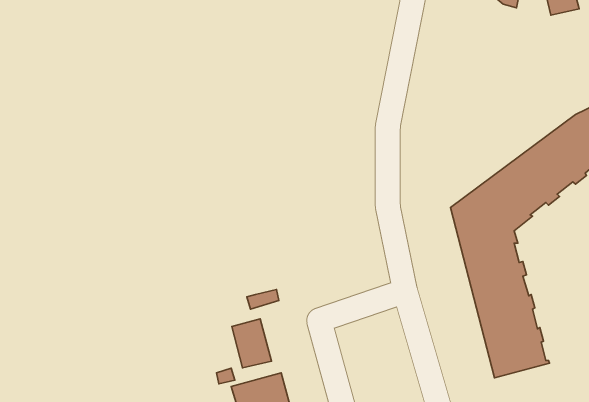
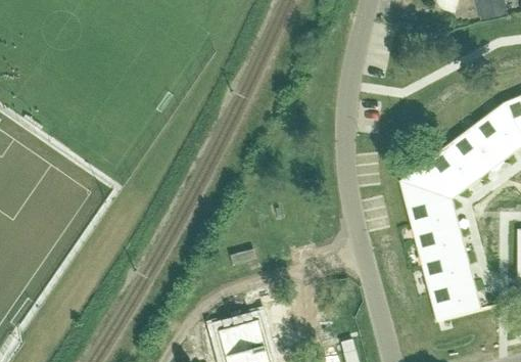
building: [232,319,272,368] -> none

